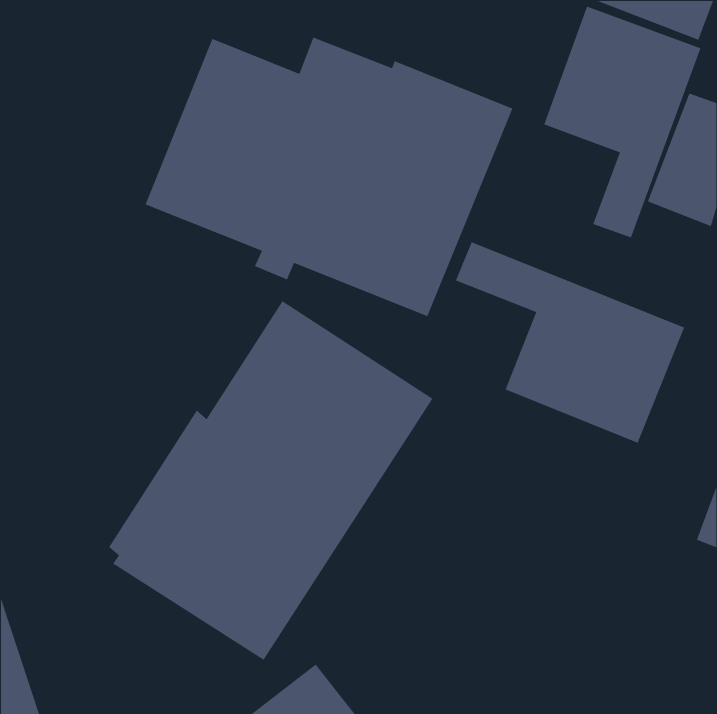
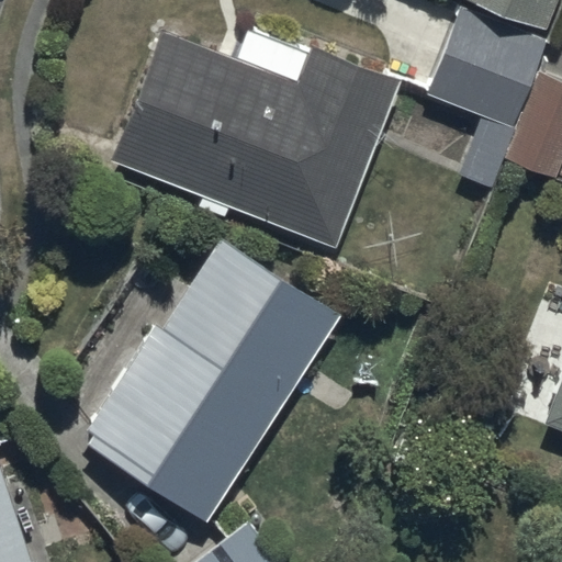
building: [455,241,685,444] -> none

